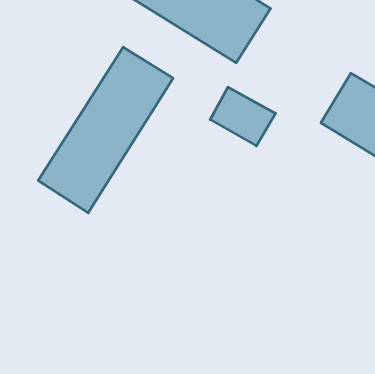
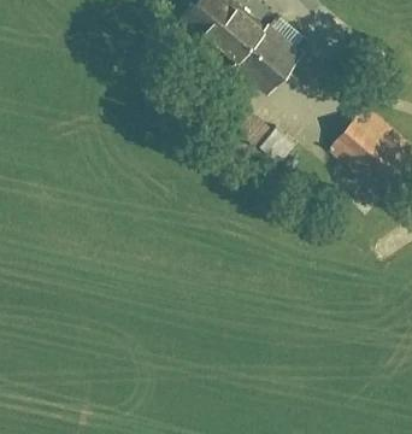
building: [38,47,173,213] -> none

